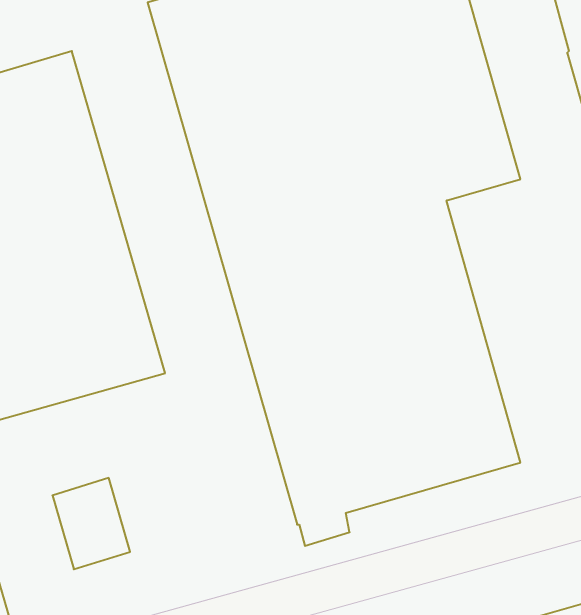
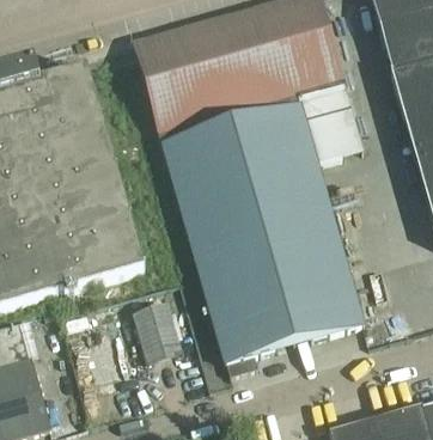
building: [52,478,130,569] -> [133,301,181,358]

